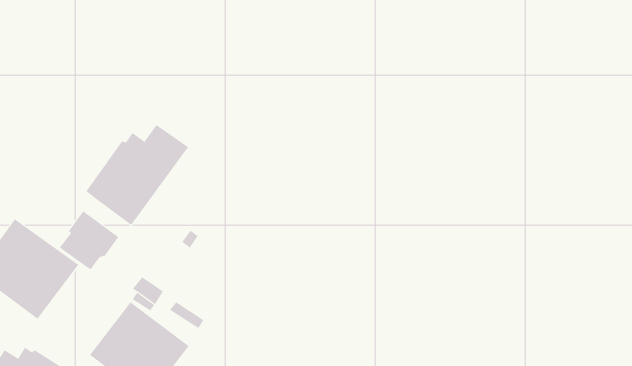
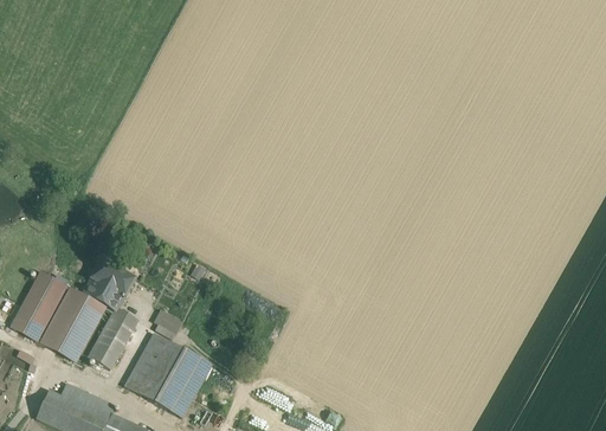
building: [85,124,189,226] -> none
building: none -> [88,307,136,368]

